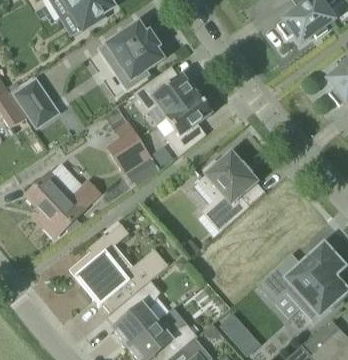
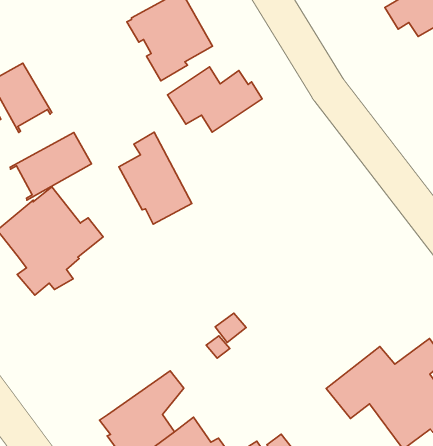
building: [161,91,211,154] -> none
building: none -> [10,132,92,200]
building: [202,151,256,230] -> none
building: [78,222,168,312] -> none

